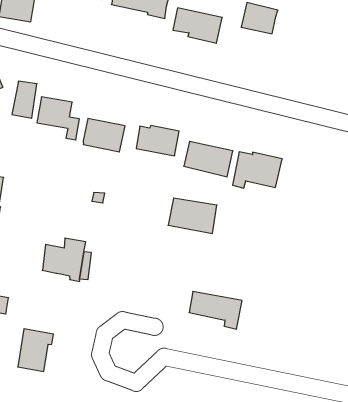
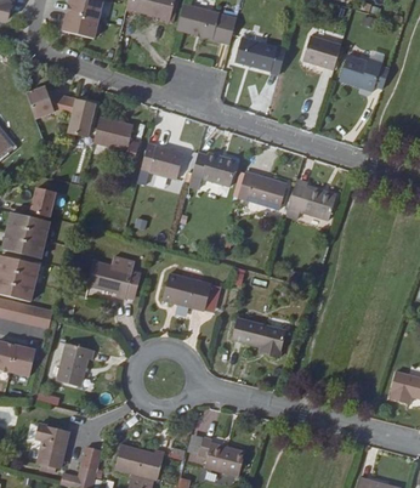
building: none -> [336,52,387,86]
building: [168,198,217,234] -> [161,274,211,312]

